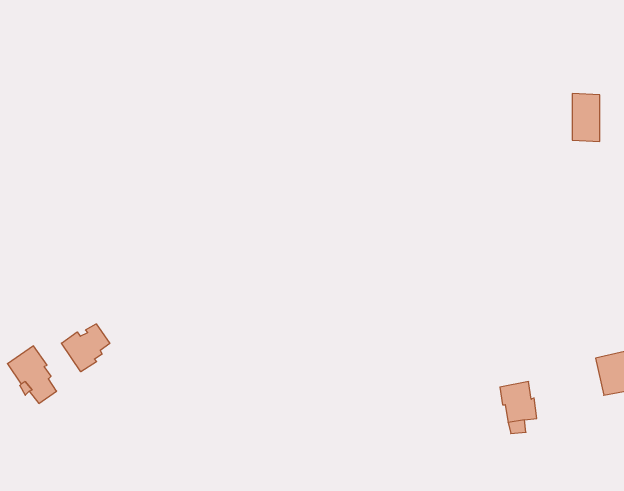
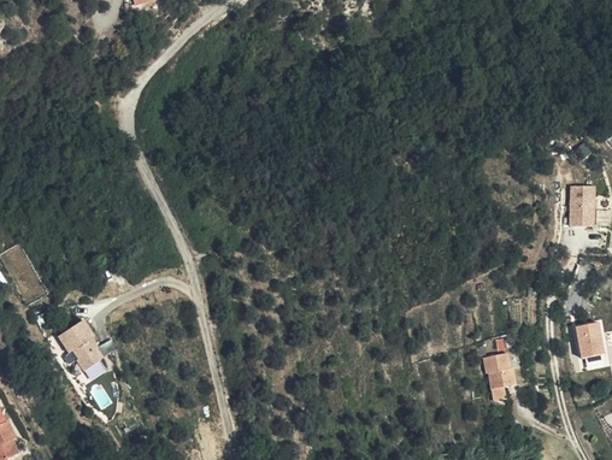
building: [572,94,600,141] -> [567,178,592,220]
building: [61,324,110,372] -> none

